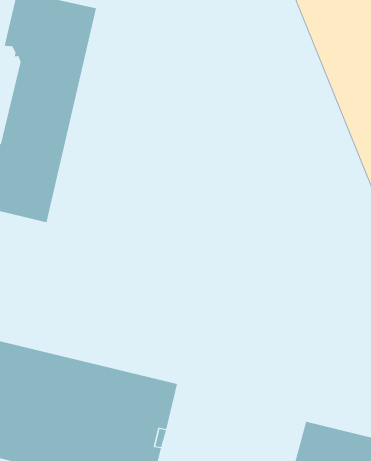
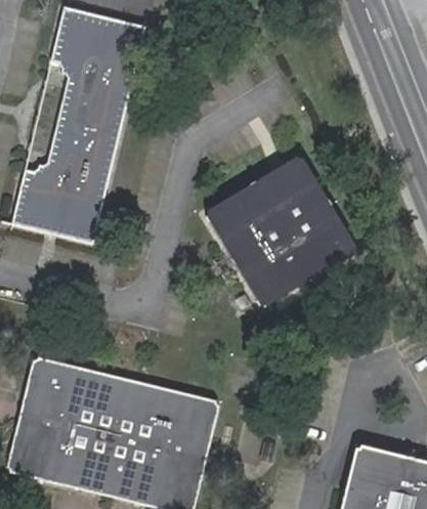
building: none -> [204,153,356,305]

